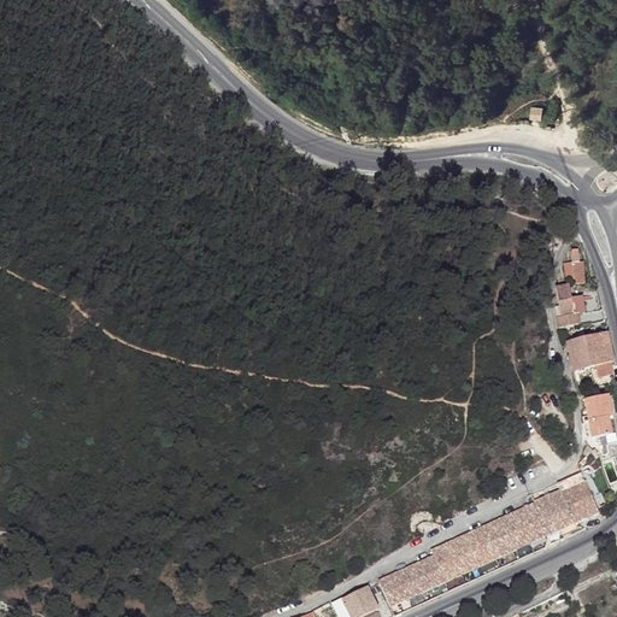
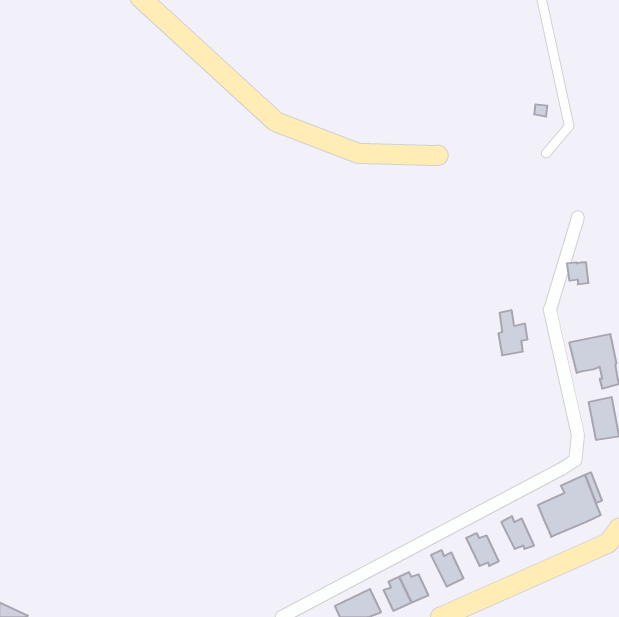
building: [554,282,583,327] -> [498,310,528,355]
building: [518,501,546,541] -> none
building: [483,518,511,557] -> none
building: [448,534,476,574] -> none
building: [416,556,443,590] -> none

